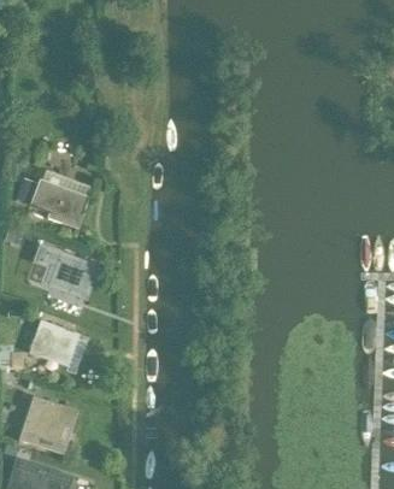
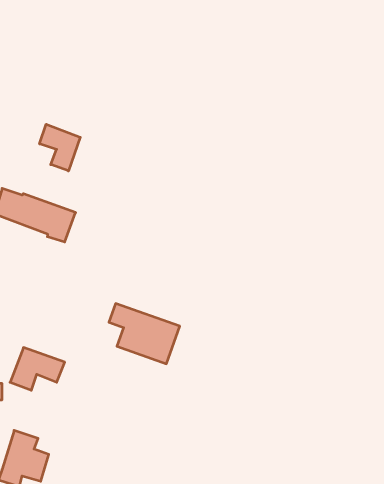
building: none -> [40,124,80,171]
building: [35,246,99,300] -> [109,304,180,364]

